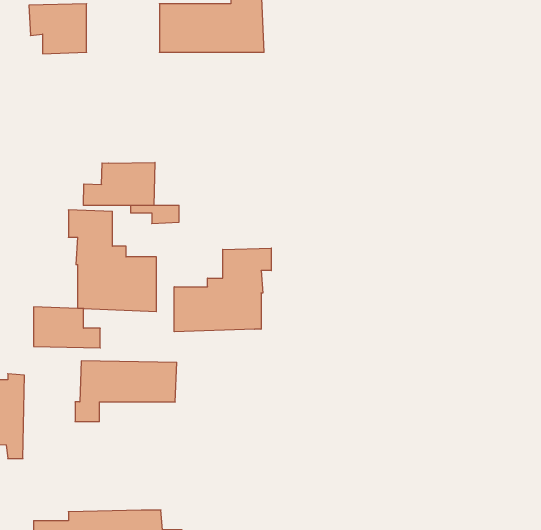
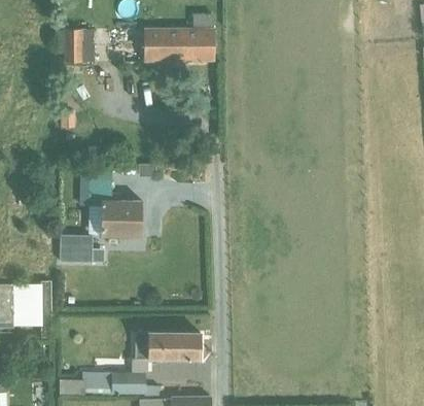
building: [83,162,155,205] -> none
building: [174,248,271,332] -> none
building: [75,361,177,422] -> [131,332,200,373]

